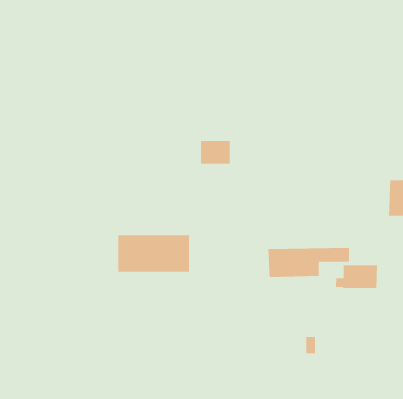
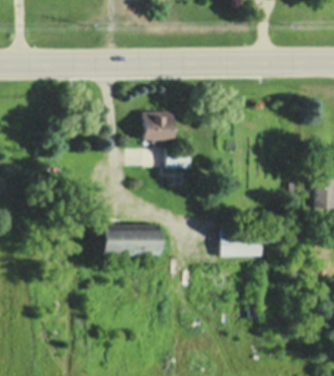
building: none -> [145,114,174,149]
building: [335,264,378,289] -> none

